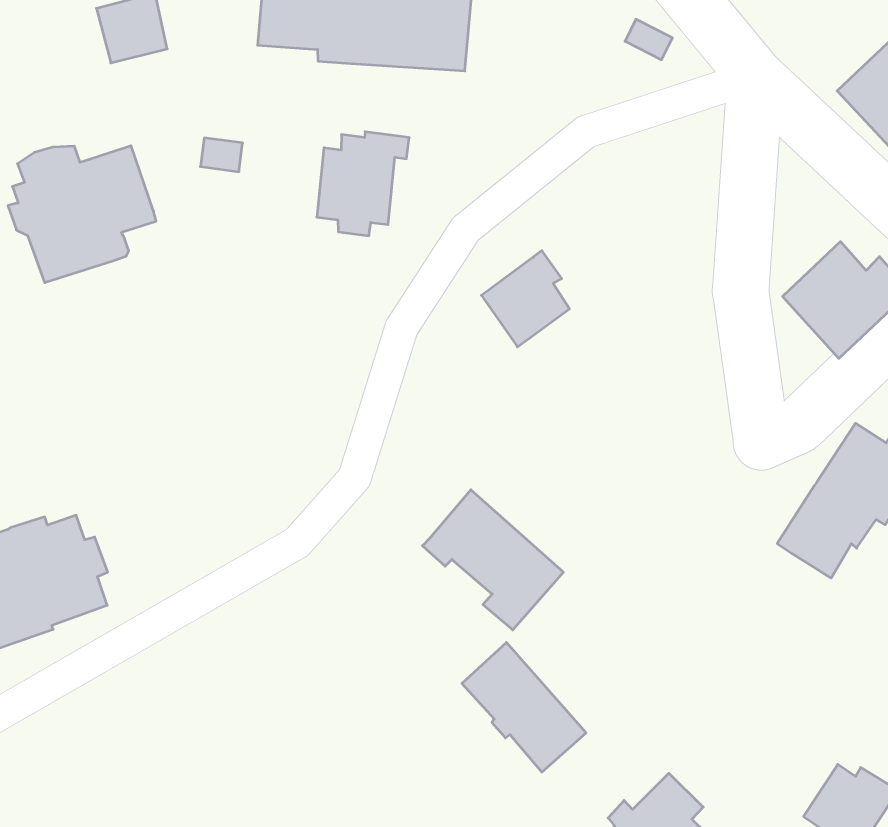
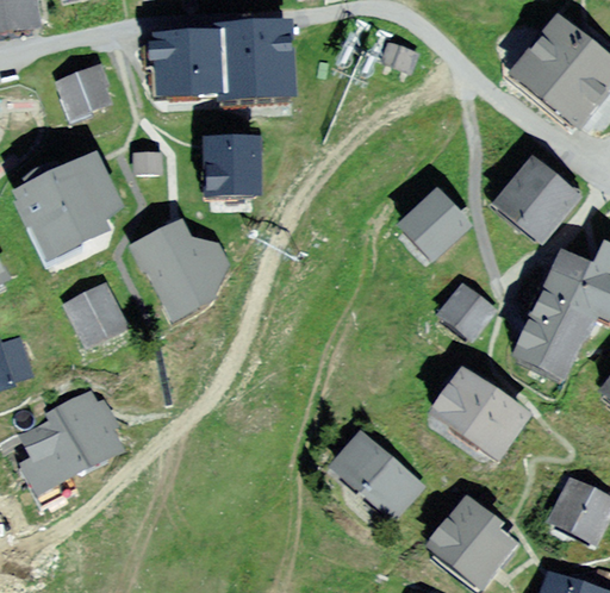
building: [481,251,569,347] -> [407,193,462,254]
building: none -> [137,227,222,312]
building: none -> [69,289,120,341]
building: none -> [441,286,493,336]
building: [422,490,563,630] -> [436,377,524,460]

